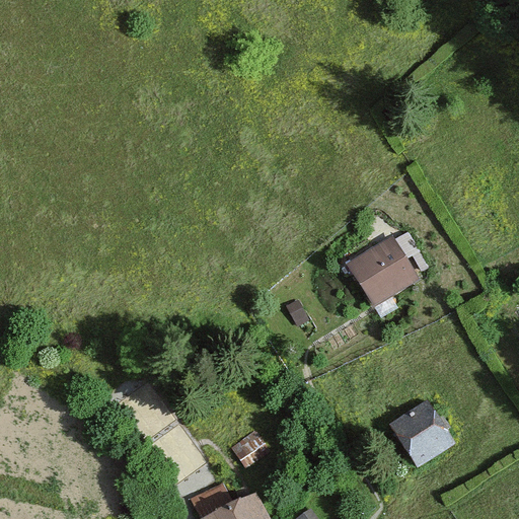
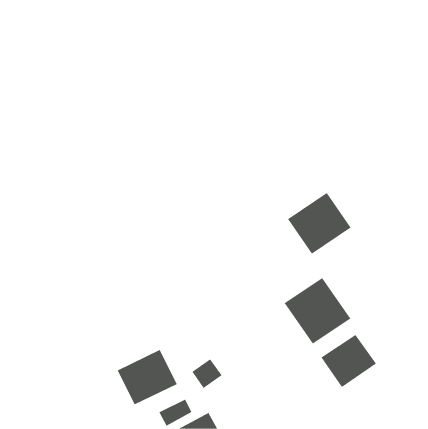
building: none -> [284,277,351,345]
building: none -> [117,349,178,405]

